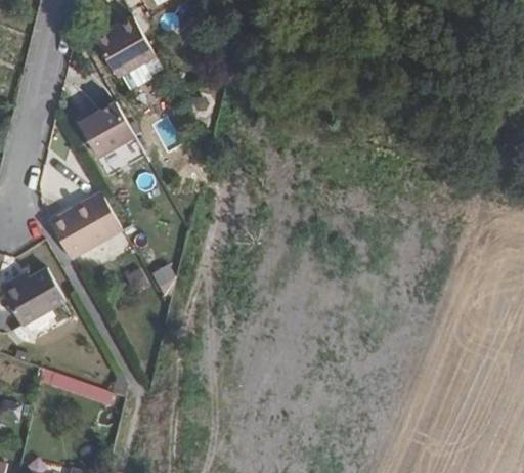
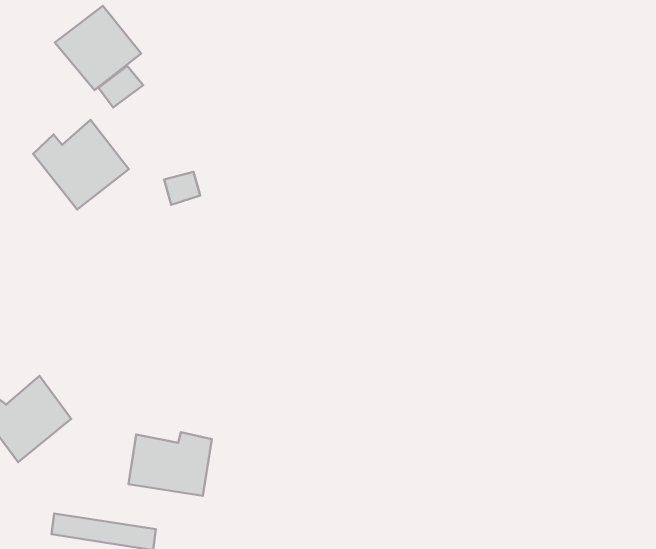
building: [49,189,122,259] -> none
building: none -> [129,432,212,496]

